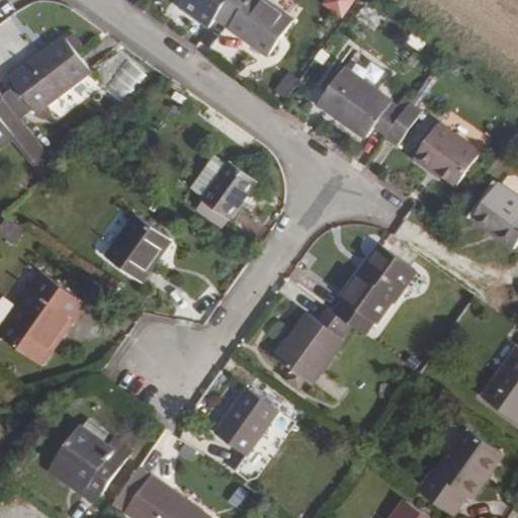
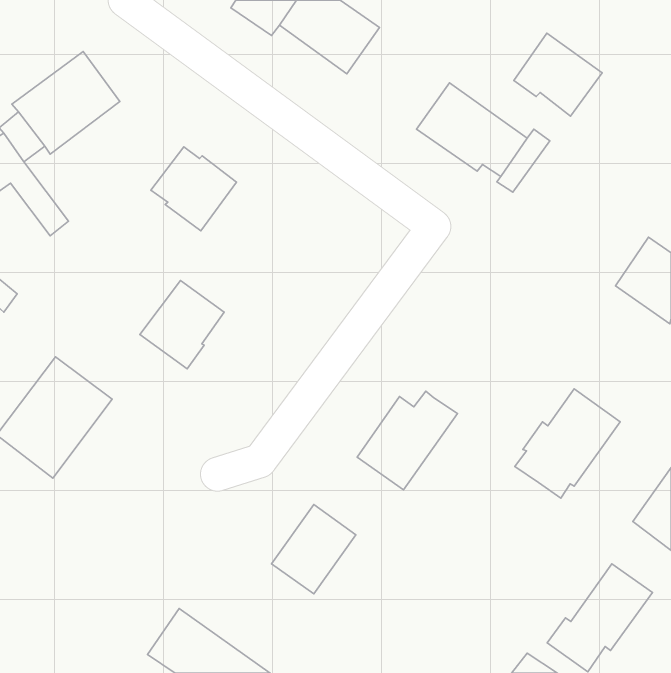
building: [411,121,479,185] -> [514,33,602,116]
building: [195,155,261,220] -> [151,147,237,231]
building: [333,246,414,330] -> [515,389,620,498]
building: [50,426,128,501] -> none

